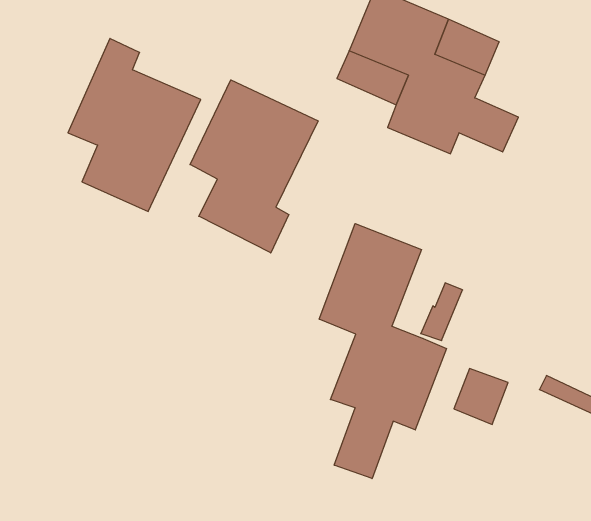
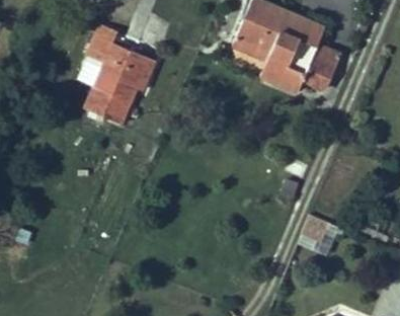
building: [190,80,318,253] -> none
building: [319,224,446,479] -> none

